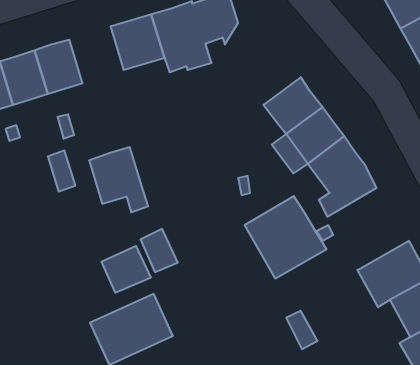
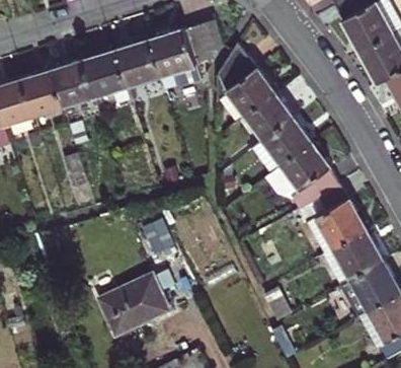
building: none -> [216,43,275,122]
building: [89,147,148,212] -> [81,50,131,104]
building: [245,196,327,278] -> [298,186,367,254]
building: [102,246,151,293] -> none

